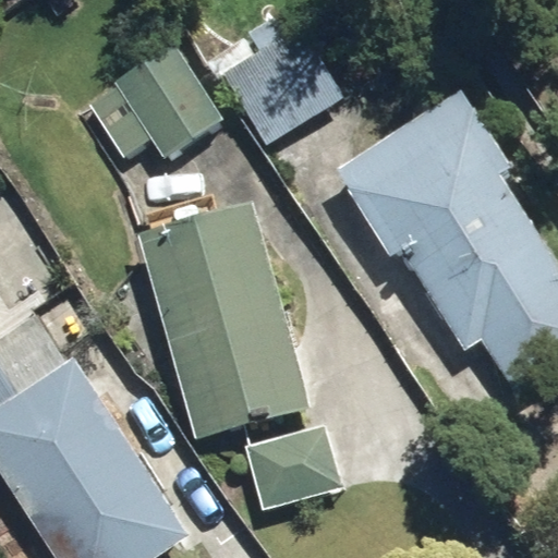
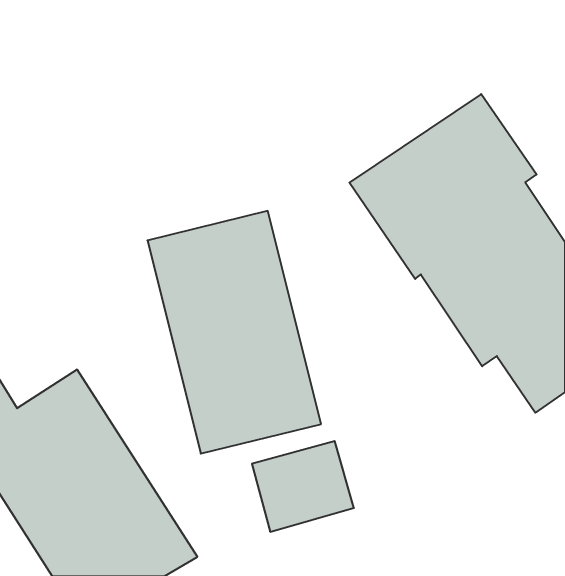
building: [207,5,341,145] -> none
building: [82,43,223,159] -> none

